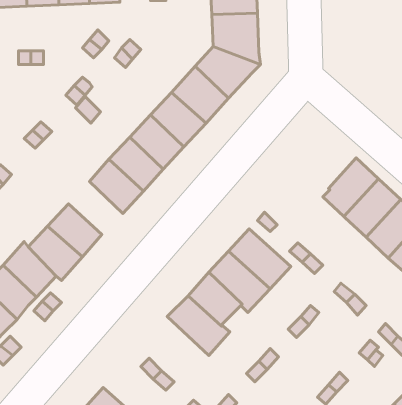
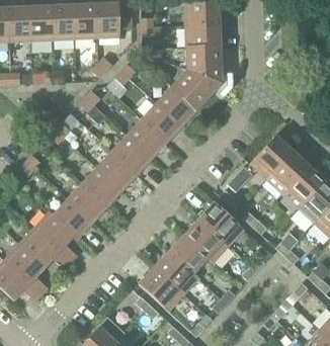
building: none -> [227,135,292,191]
building: none -> [82,167,121,205]
building: none -> [138,265,184,310]

